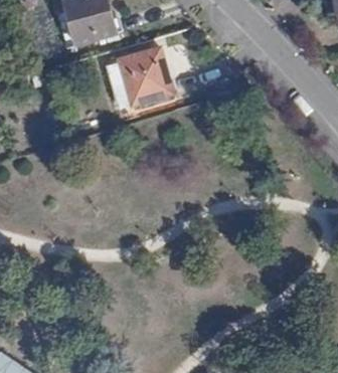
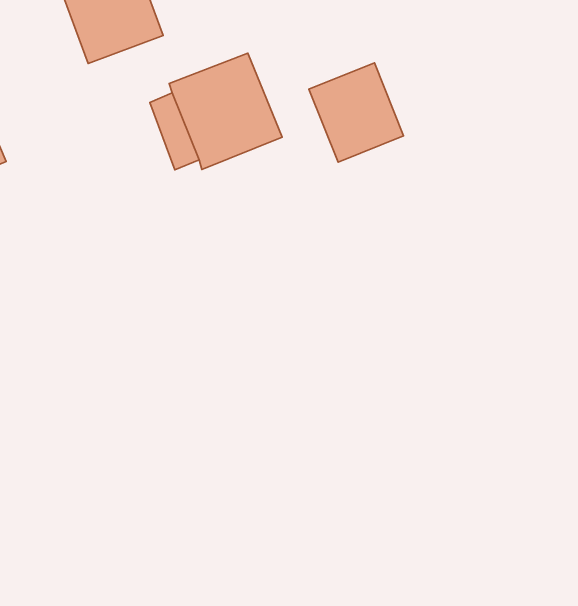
building: none -> [309,63,404,162]

